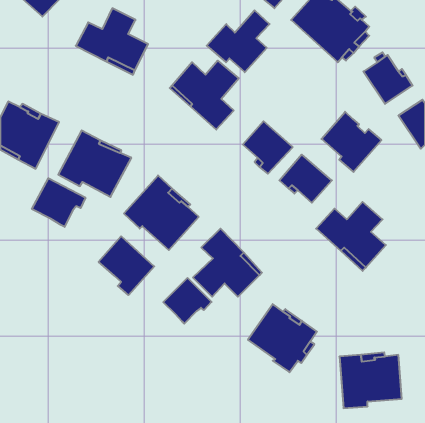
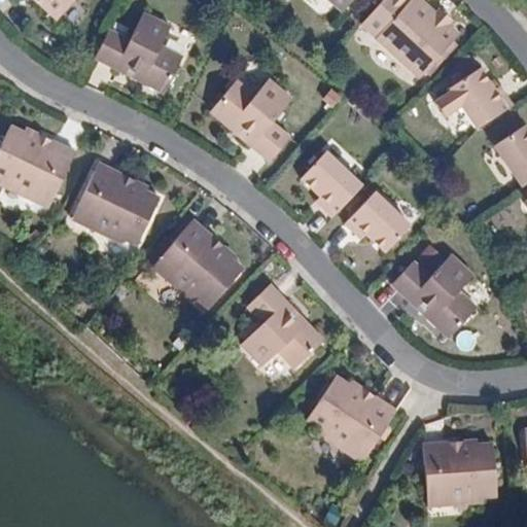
building: [207,10,270,72] -> none
building: [321,112,381,172] -> none
building: [32,178,85,227] -> none
building: [99,236,154,295] -> none
building: [163,278,212,324] -> none

